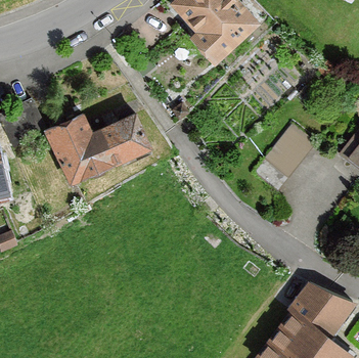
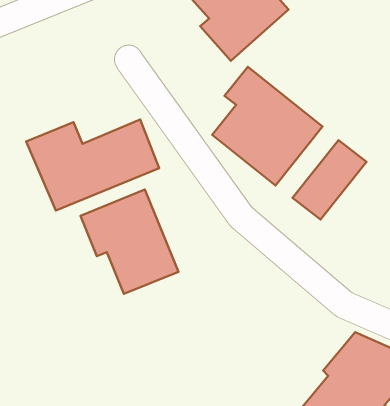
building: none -> [212,67,323,186]
building: none -> [80,190,178,294]

